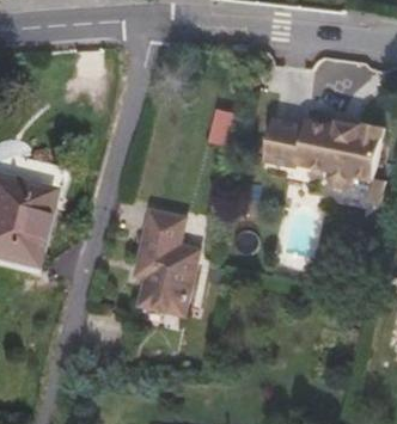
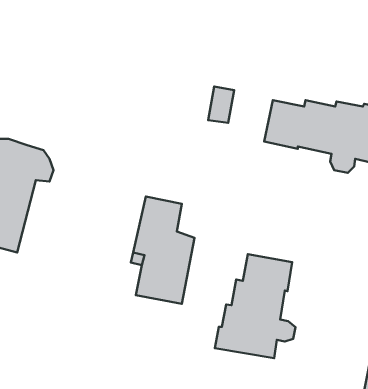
building: none -> [215,254,296,358]

